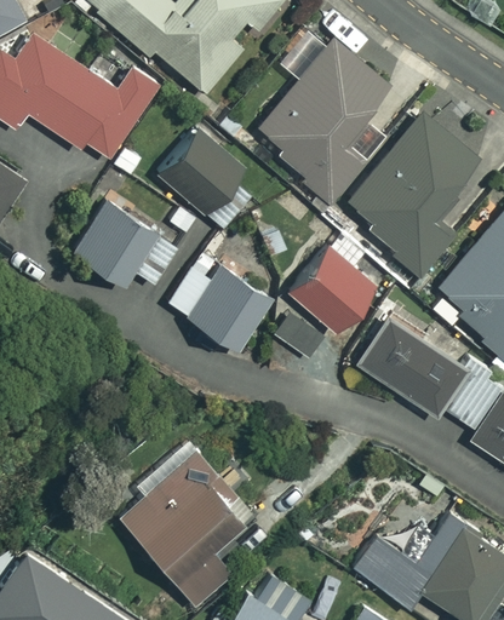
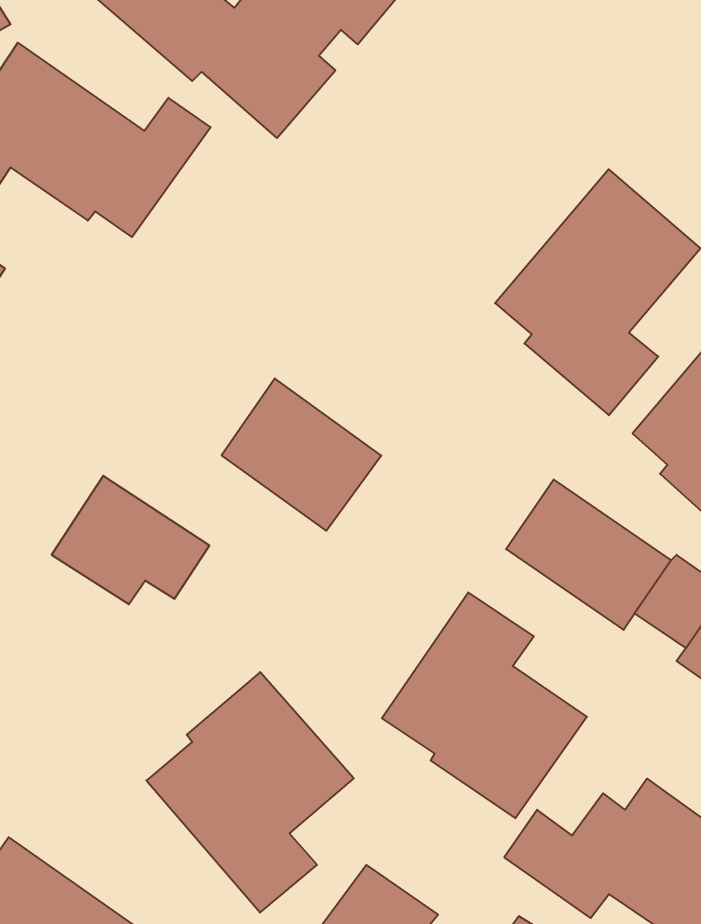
building: [259,42,389,200] -> none
building: [156,131,251,228] -> none
building: [74,202,178,287] -> [52,476,209,604]
building: [291,248,378,335] -> none
building: none -> [382,592,587,818]

